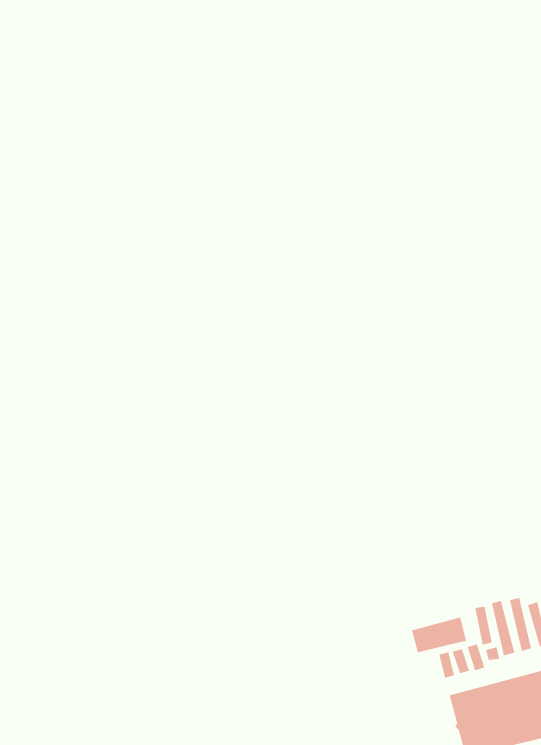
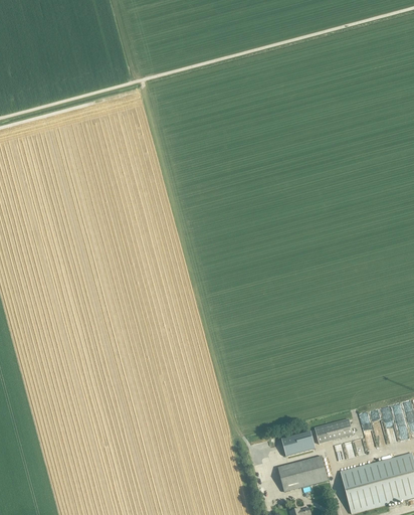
building: none -> [281,432,314,455]
building: none -> [277,456,327,491]

